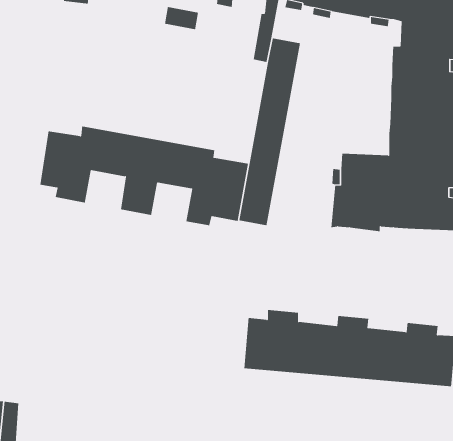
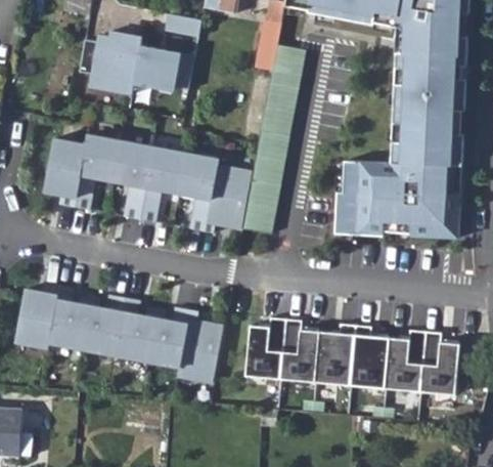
building: none -> [80,37,195,94]
building: none -> [8,283,223,380]

